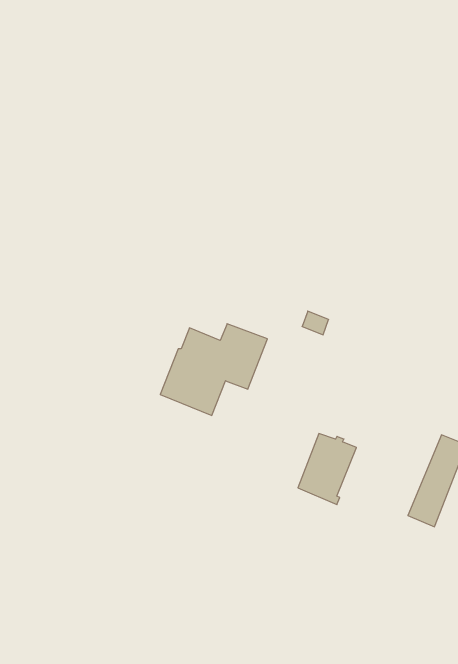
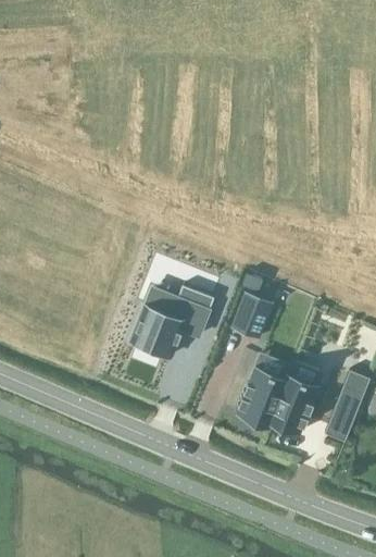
building: none -> [231,293,273,336]
building: none -> [268,374,317,430]

